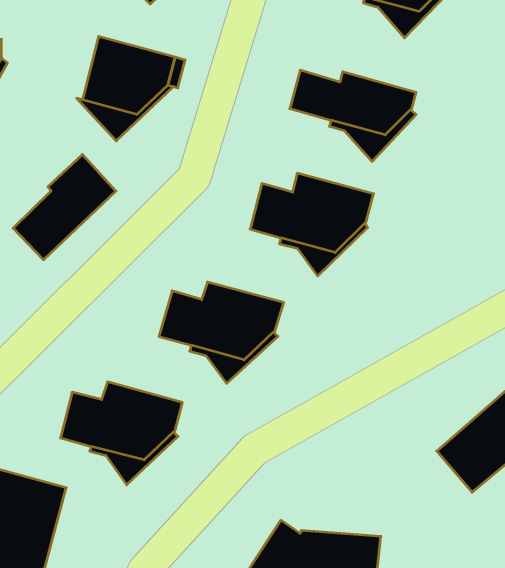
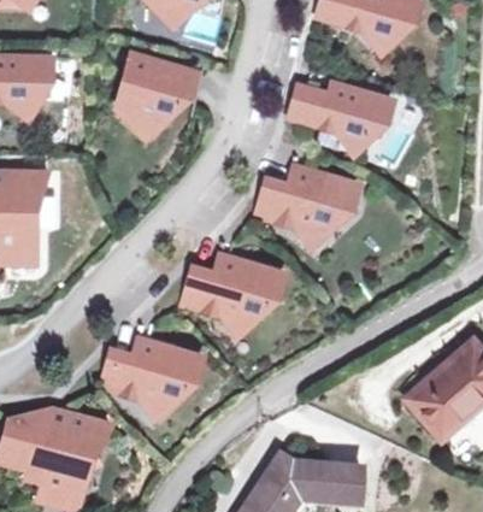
building: [13,154,116,260] -> none

